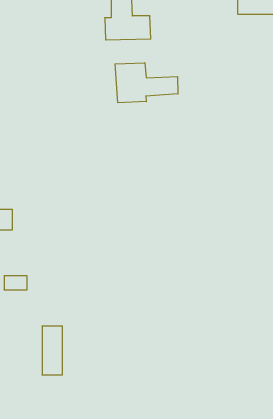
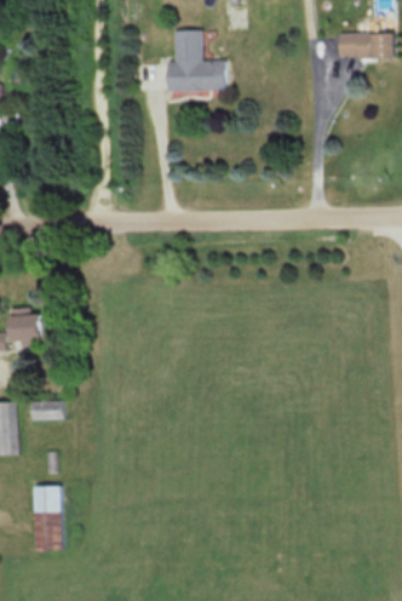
building: [115,63,178,103] -> none
building: [42,326,62,375] -> [35,486,62,550]

